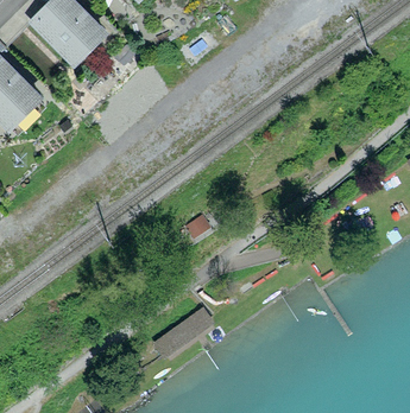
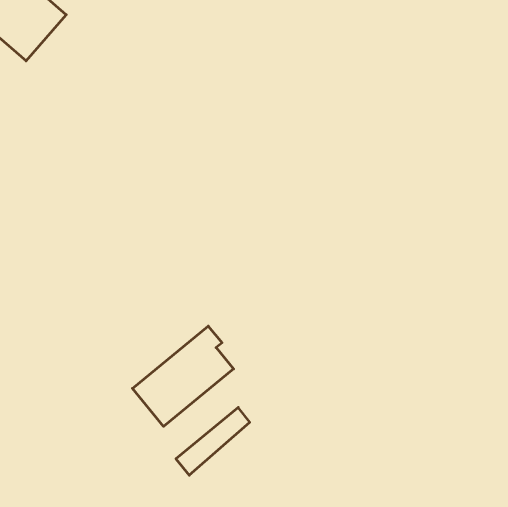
building: none -> [132,326,234,426]

